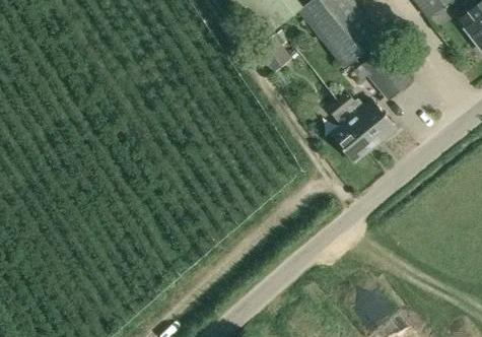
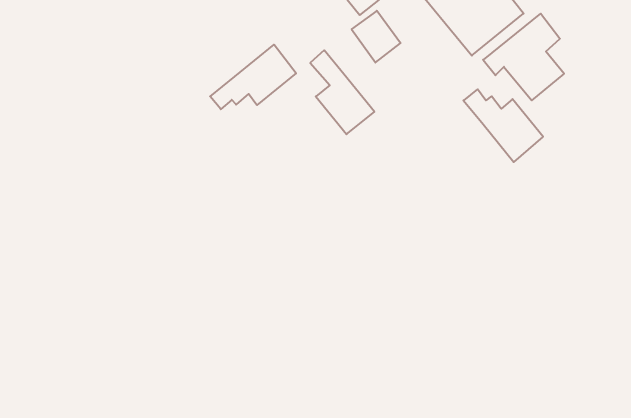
building: none -> [210,45,296,109]
building: [328,100,374,161] -> [310,50,374,134]

